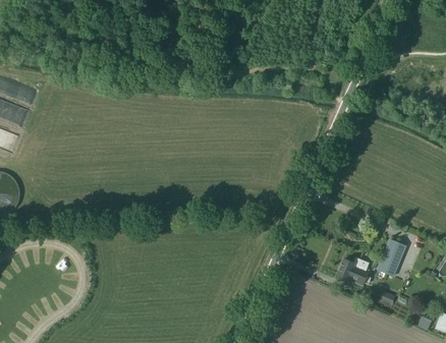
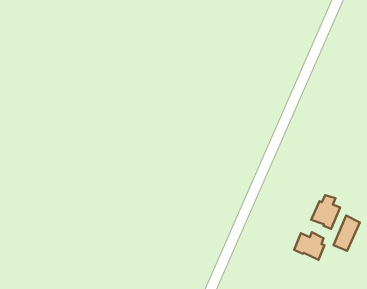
building: none -> [311,195,340,229]

